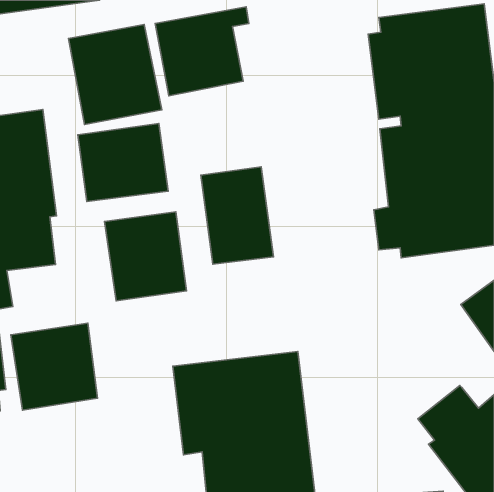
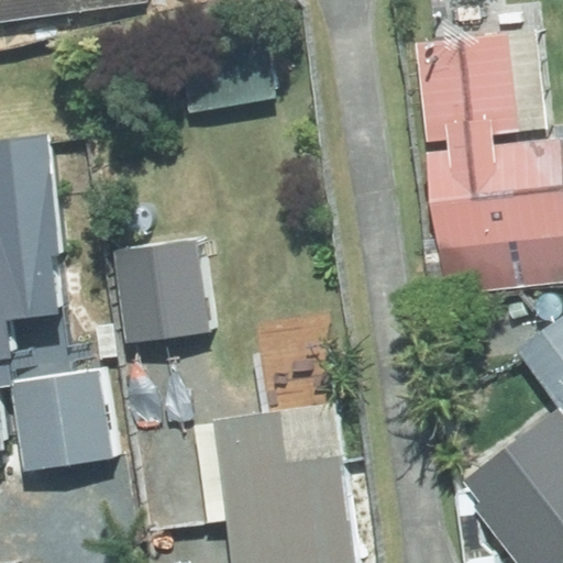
building: [69,25,162,124] -> none
building: [78,124,168,201] -> none
building: [201,167,273,264] -> none

